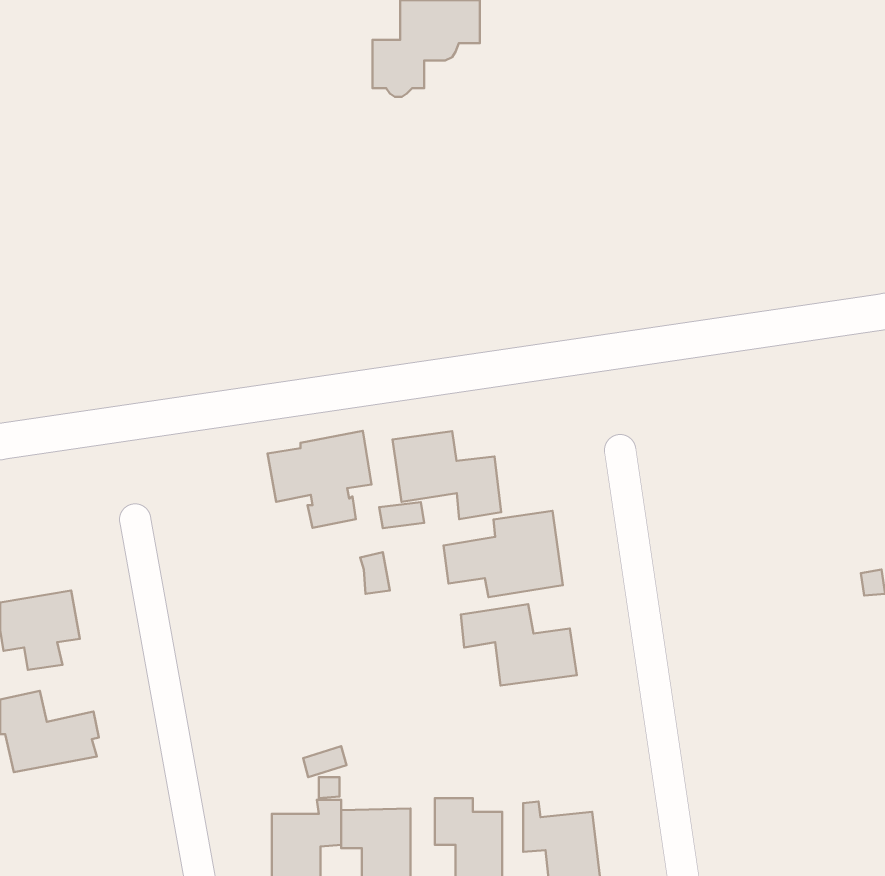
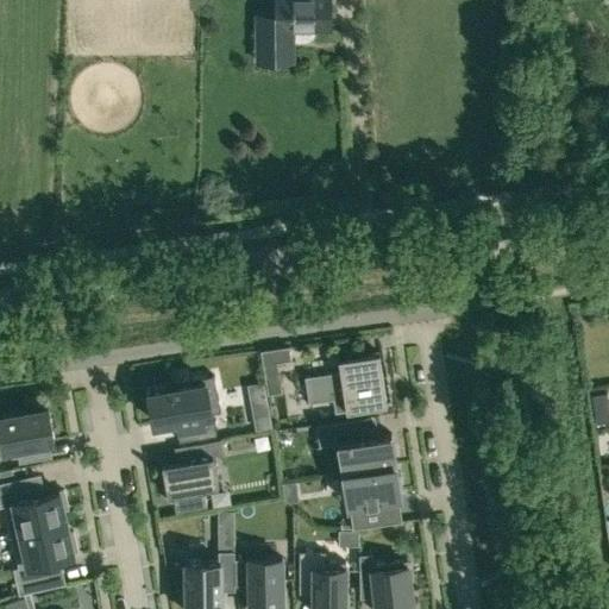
building: [268,431,372,528] -> [149,379,220,446]
building: [392,431,501,519] -> none
building: none -> [162,444,224,513]
building: none -> [344,470,401,533]
building: none -> [10,526,77,592]

